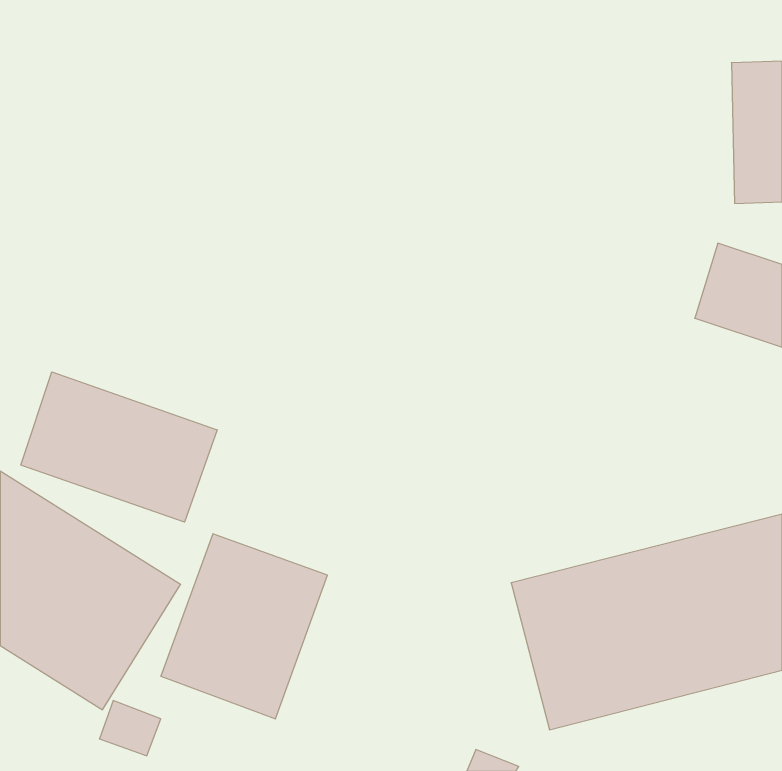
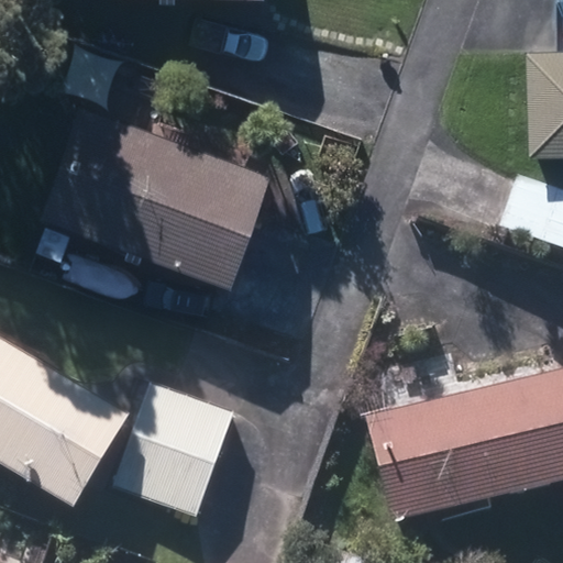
building: none -> [42,100,269,276]
building: [21,372,217,522] -> none

